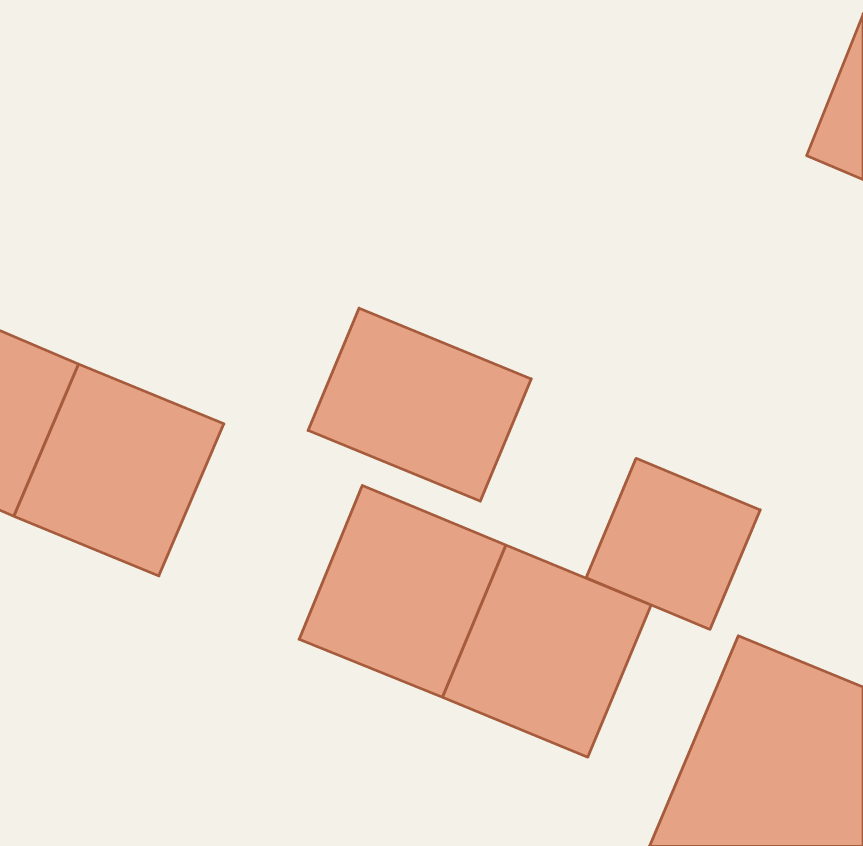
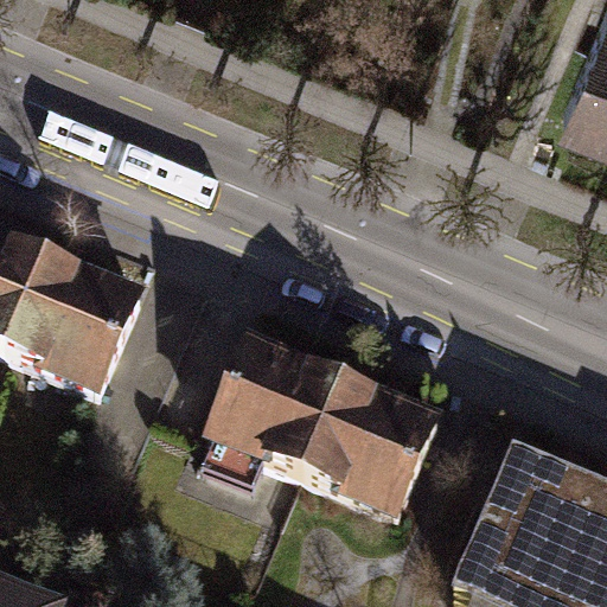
building: [308,308,531,501] -> none
building: [586,458,760,629] -> none

